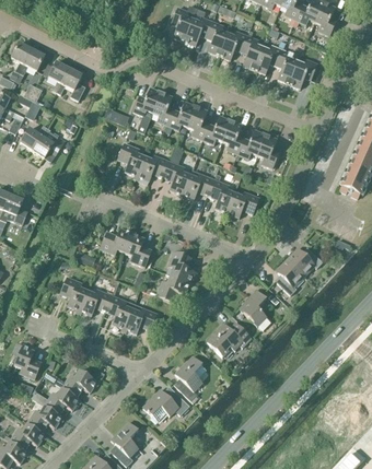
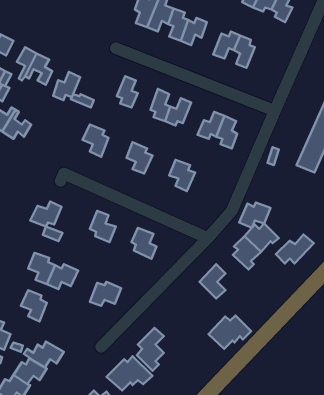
building: [242,35,263,69] -> none
building: [289,59,317,87] -> none
building: [133,86,162,116] -> [53,72,80,100]
building: [168,101,196,130] -> none
building: [222,119,244,153] -> none
building: [137,154,170,180] -> none
building: [182,173,214,199] -> none
building: [226,191,259,218] -> [239,203,271,228]
building: [100,227,132,254] -> [30,202,62,227]
building: none -> [276,235,314,263]
building: [156,274,189,302] -> none
building: [105,295,132,328] -> [21,290,47,321]
building: [207,321,252,356] -> [208,315,251,349]

